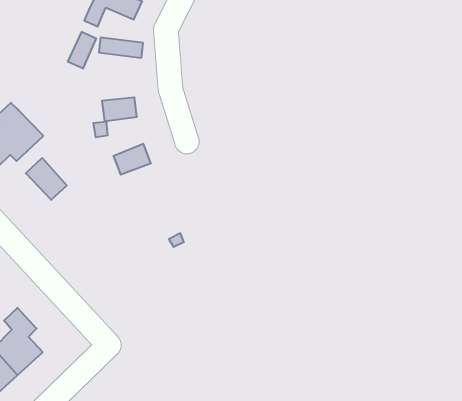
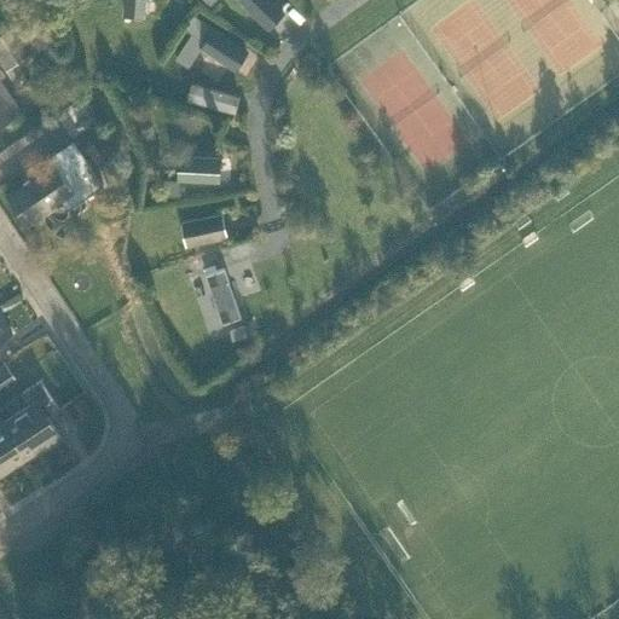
building: [68,32,96,69] -> none
building: [26,158,67,200] -> none
building: none -> [204,271,239,324]

